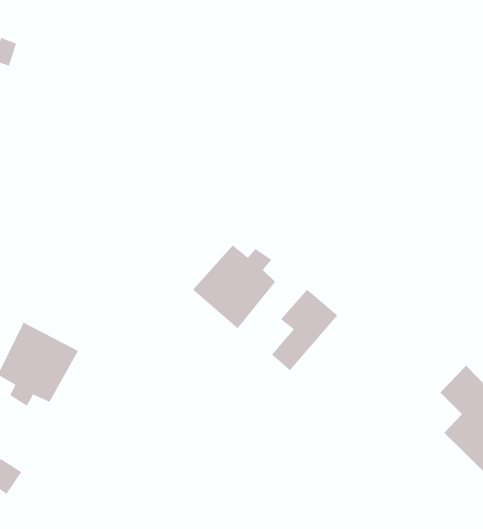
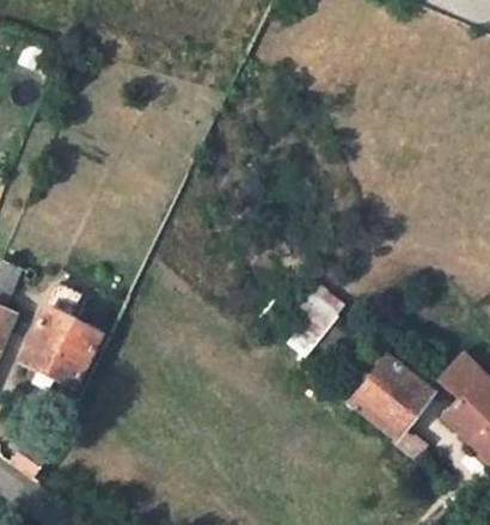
building: [192,245,276,329] -> none
building: none -> [336,343,433,459]

